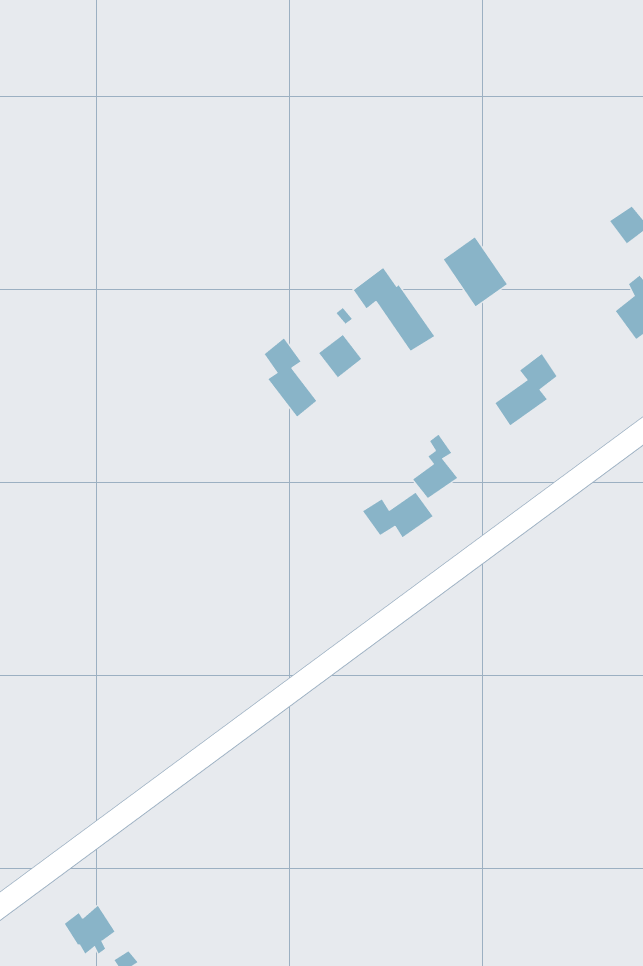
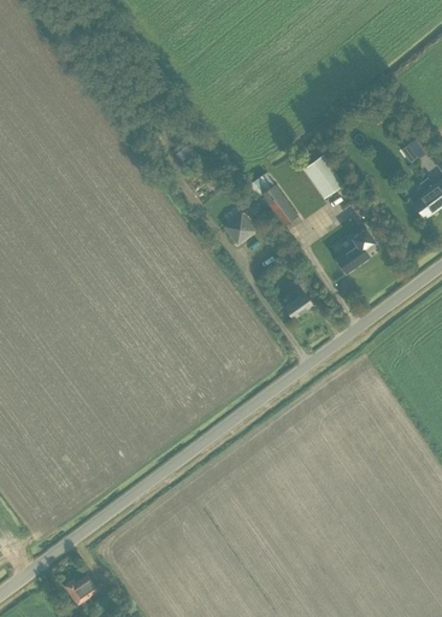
building: [264,338,317,418] -> none
building: [362,492,433,538] -> none

